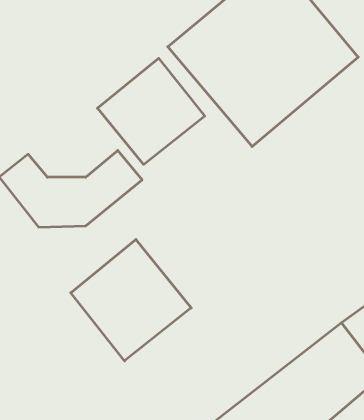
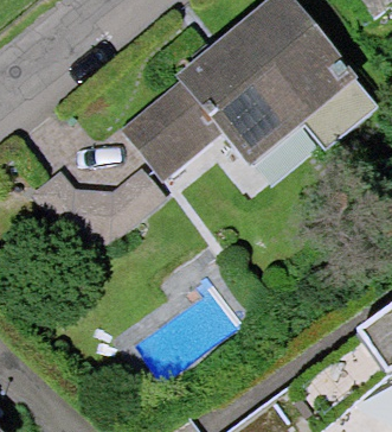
building: [71,239,191,361] -> none

